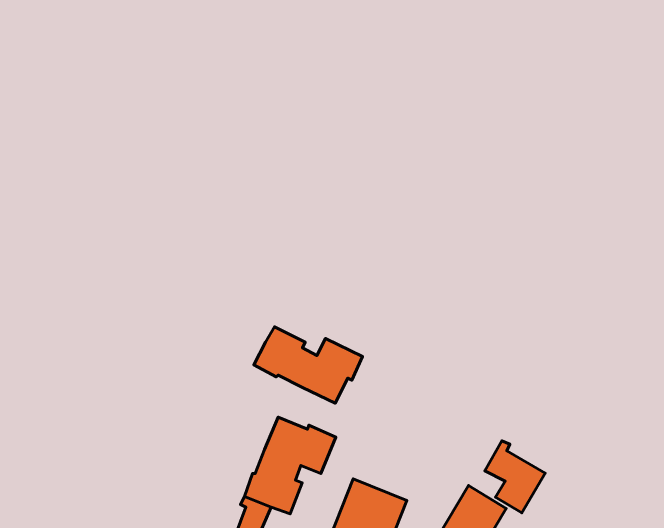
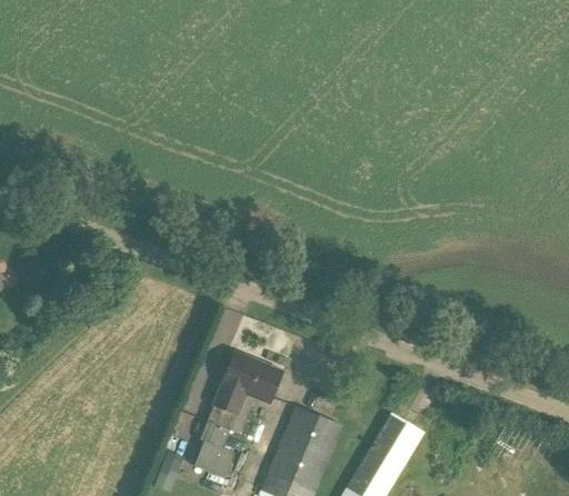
building: [254,327,362,403] -> none
building: [485,441,545,513] -> none

